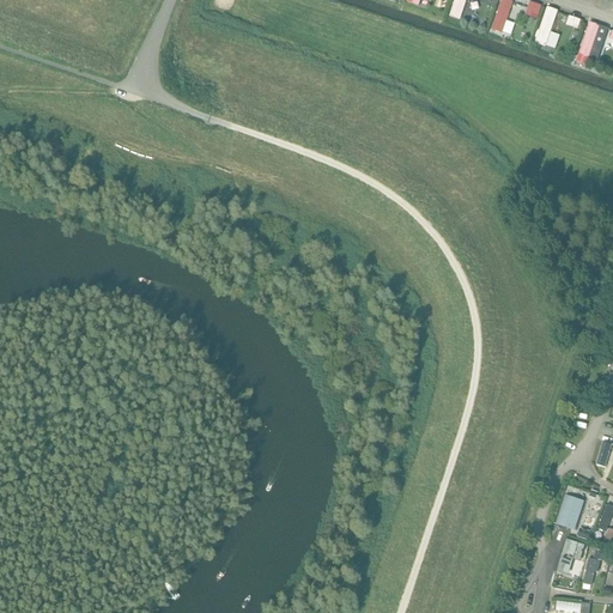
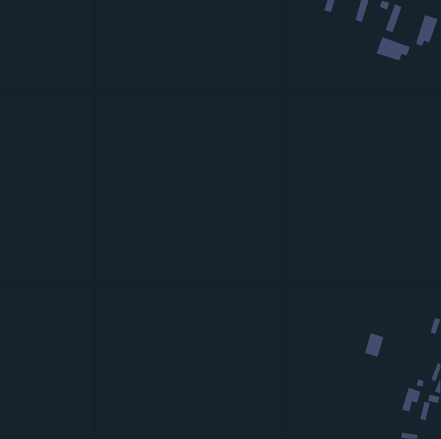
building: none -> [376,36,410,61]
building: [556,494,583,529] -> [364,333,384,358]

